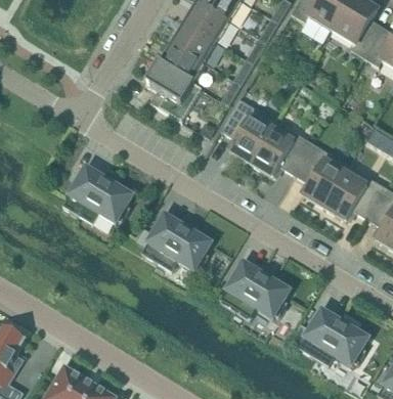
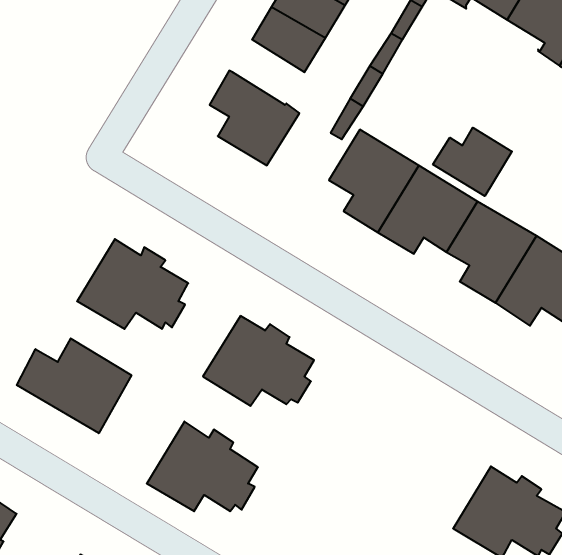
building: [160,42,205,83] -> none
building: none -> [433,128,512,196]
building: none -> [17,338,131,433]
building: [220,262,290,318] -> [147,421,258,511]

